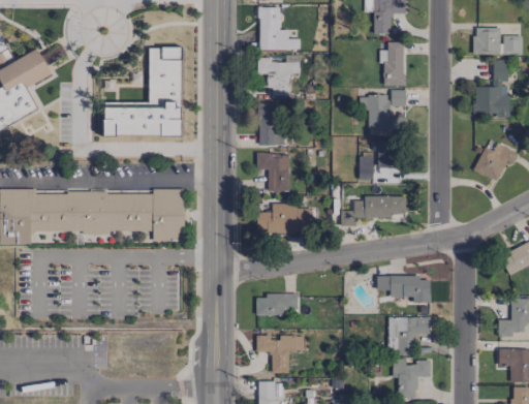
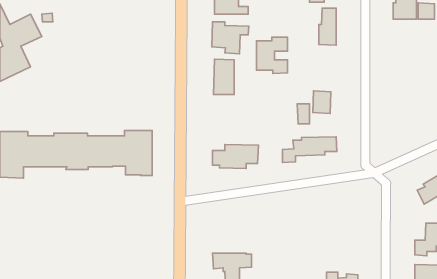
building: [104,48,181,135] -> none
building: [472,59,510,118] -> none
building: [368,90,405,133] -> [256,37,287,74]
building: [472,143,518,182] -> none
building: [255,153,288,191] -> none
building: [376,275,430,304] -> none
building: [256,293,298,316] -> none
building: [387,317,430,354] -> none

